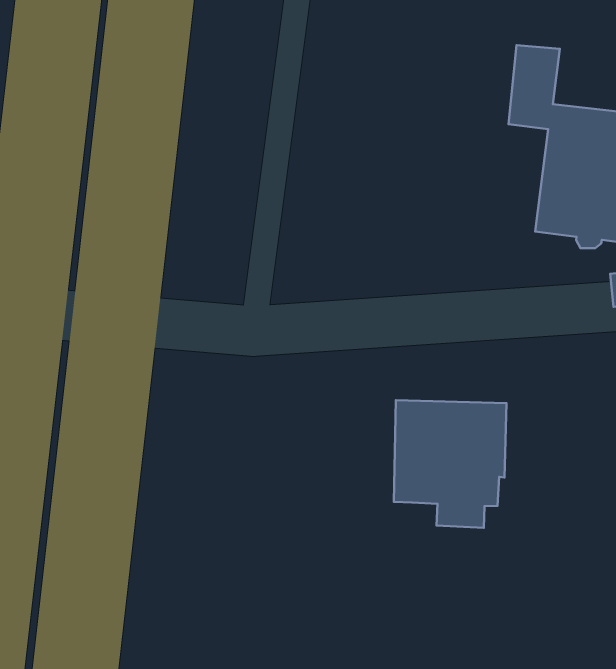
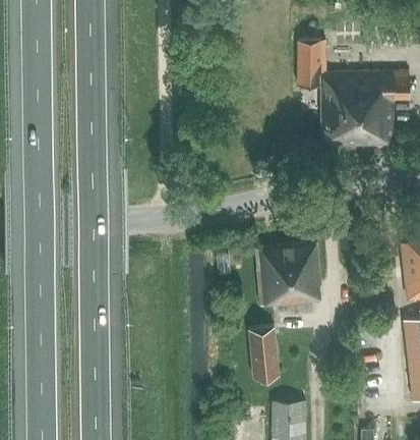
building: none -> [249,328,280,379]

